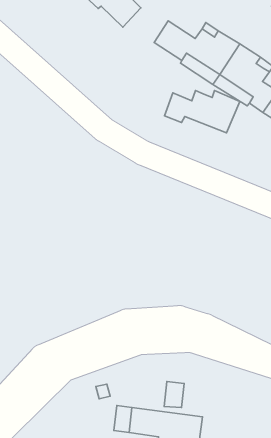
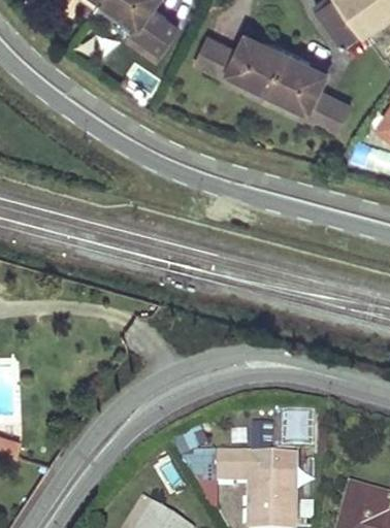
building: [164,90,240,133] -> none

